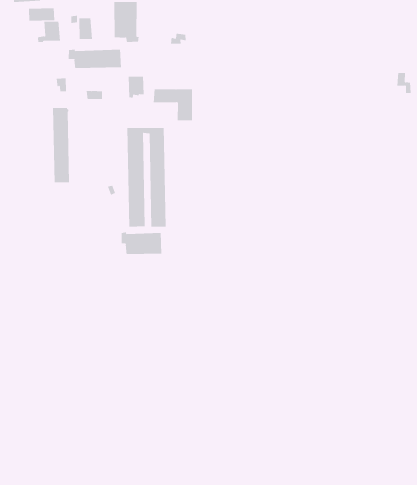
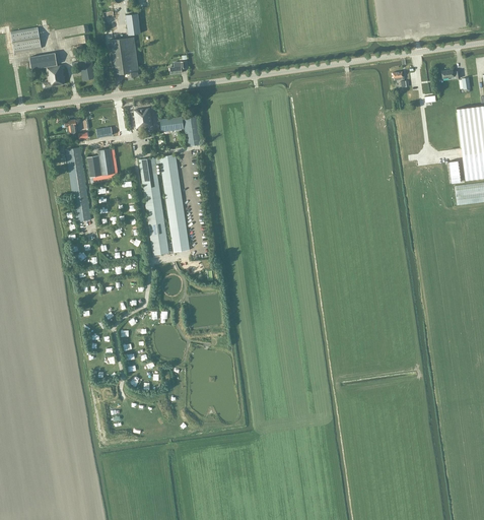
building: [68,49,121,69] -> none
building: none -> [88,148,115,177]
building: [121,232,162,255] -> none

